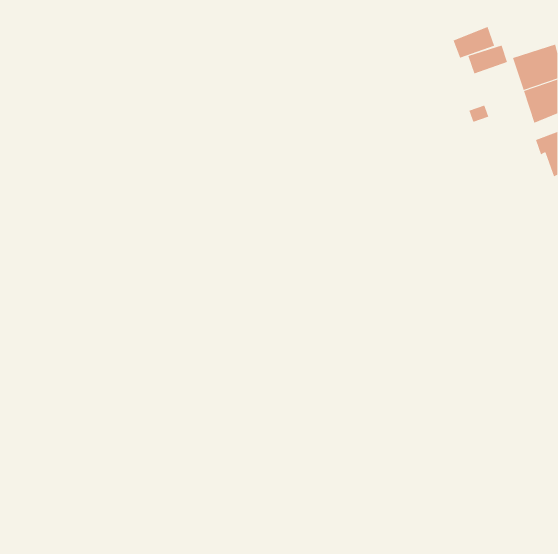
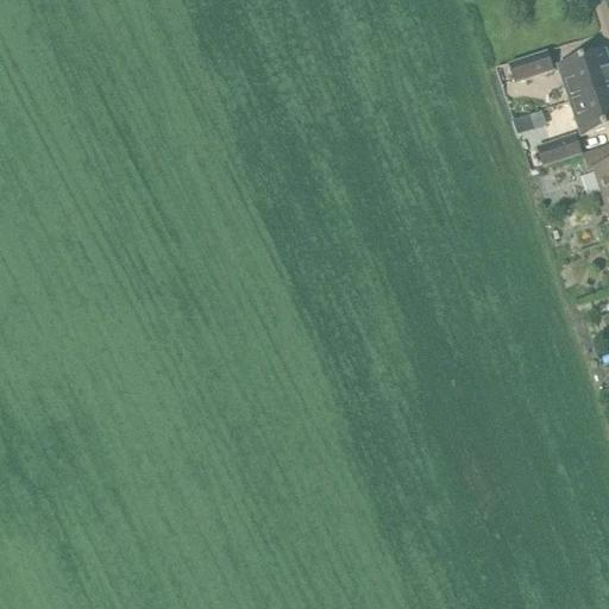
building: [453,26,495,58] -> none
building: none -> [538,133,582,165]

